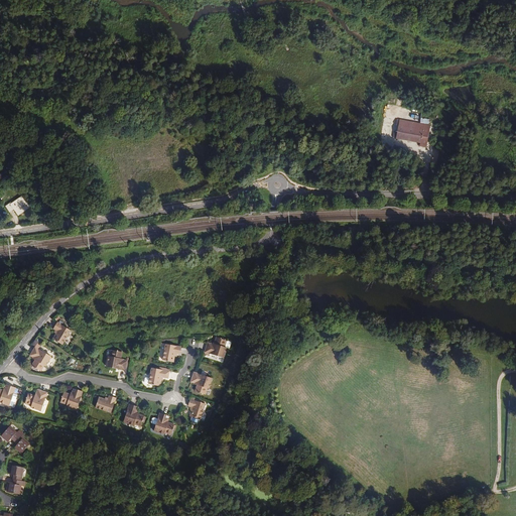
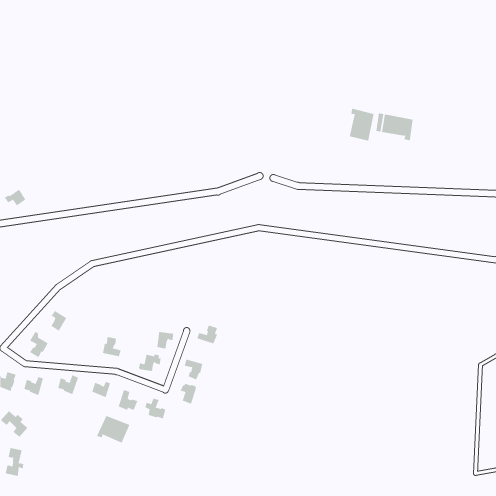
building: none -> [349,108,374,142]
building: none -> [96,415,130,443]

